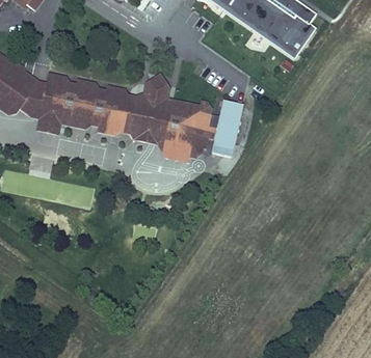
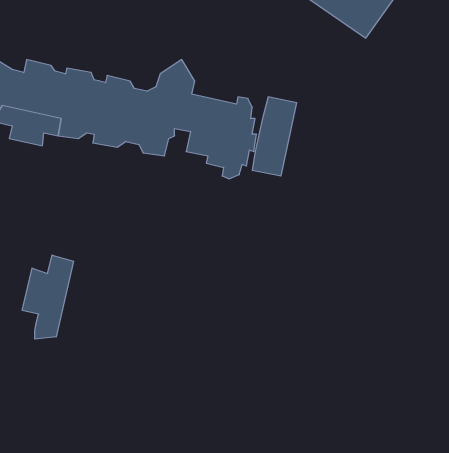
building: [148,121,190,161] -> none
building: none -> [22,255,74,339]

